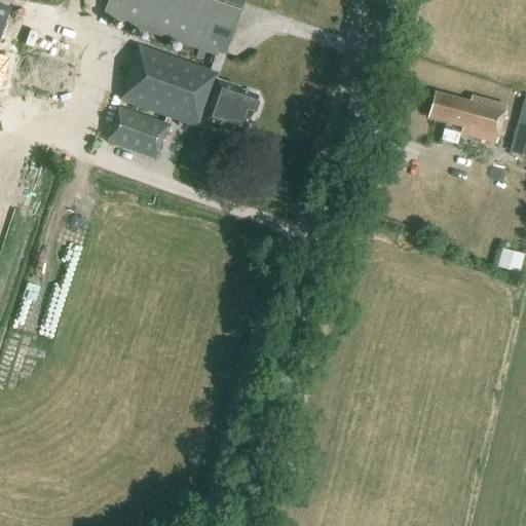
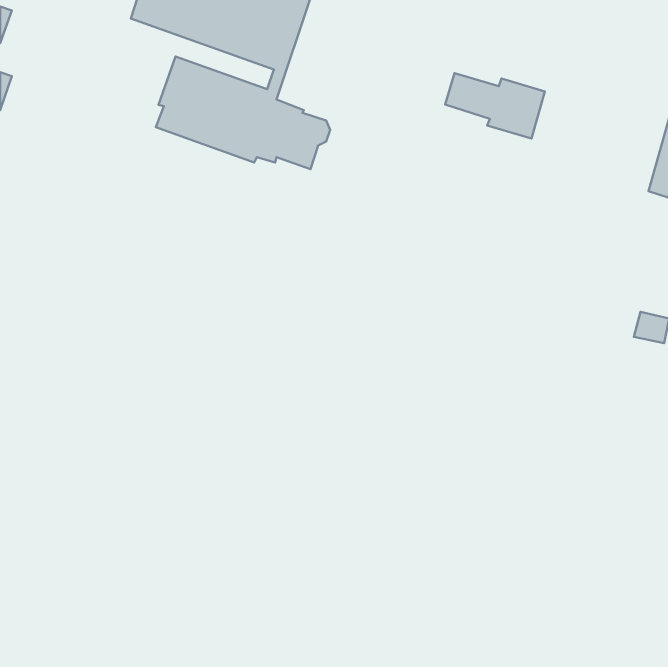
building: [429,91,508,143] -> [445,73,545,139]
building: [108,105,170,157] -> none

